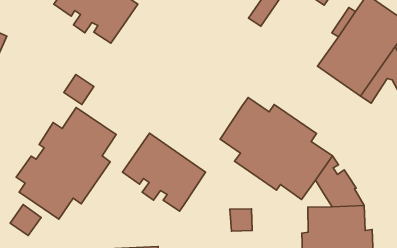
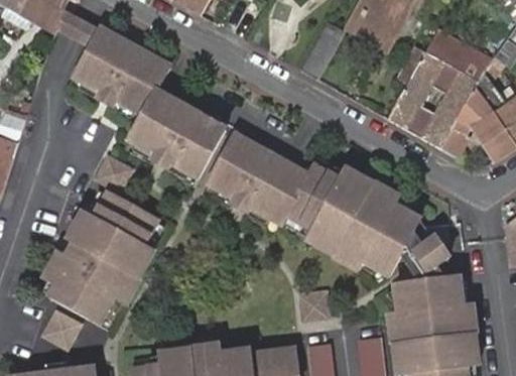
building: none -> [130,91,226,176]
building: [123,133,205,211] -> [208,133,304,221]

